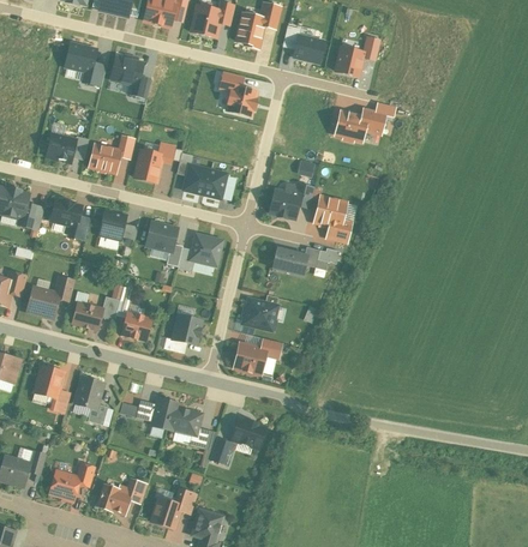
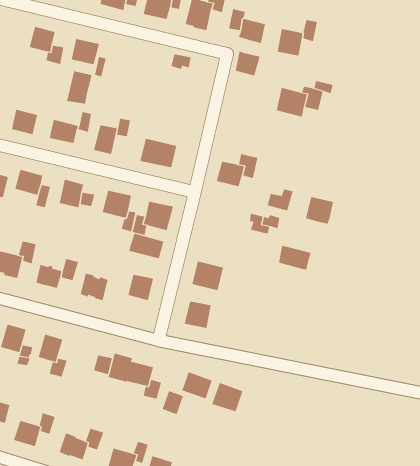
building: [228,86,256,114] -> [235,51,260,76]
building: none -> [67,70,92,105]
building: [314,197,346,227] -> [305,196,334,224]
building: [272,247,308,275] -> [278,245,311,270]
building: none -> [129,233,164,259]
building: none -> [212,382,243,412]

